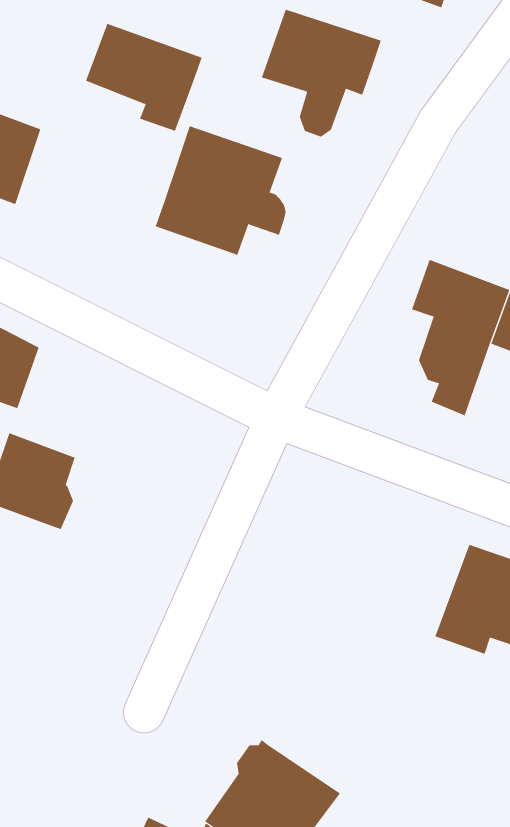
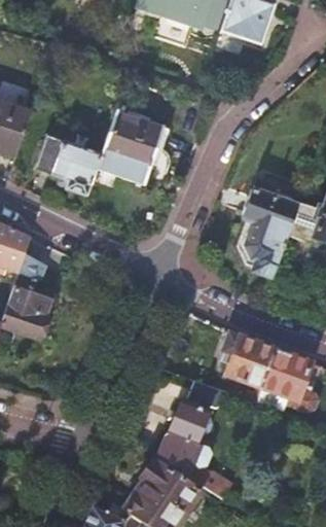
building: [261,9,381,138] -> none
building: [85,23,202,131] -> [34,134,101,196]
building: none -> [222,331,275,401]
building: none -> [158,381,231,502]

